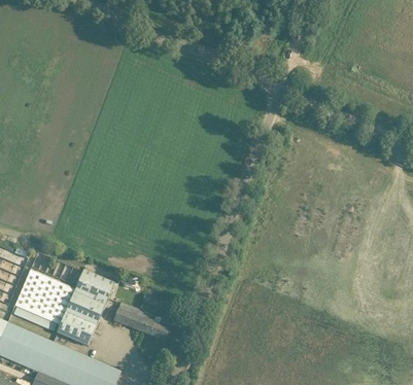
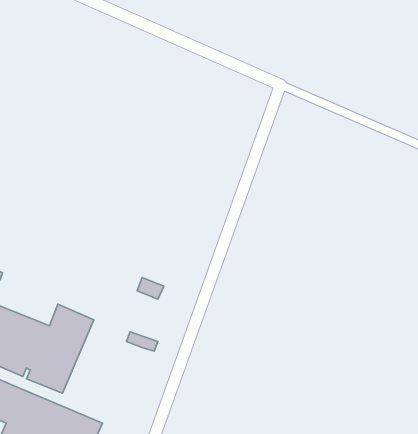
building: [113,303,169,341] -> none

